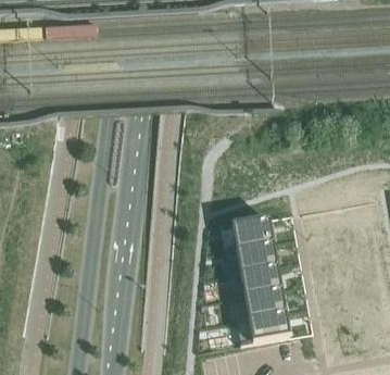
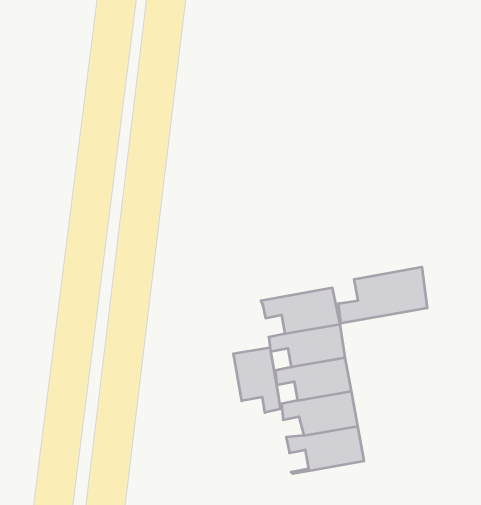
building: none -> [339,267,427,324]
building: none -> [233,348,280,413]

